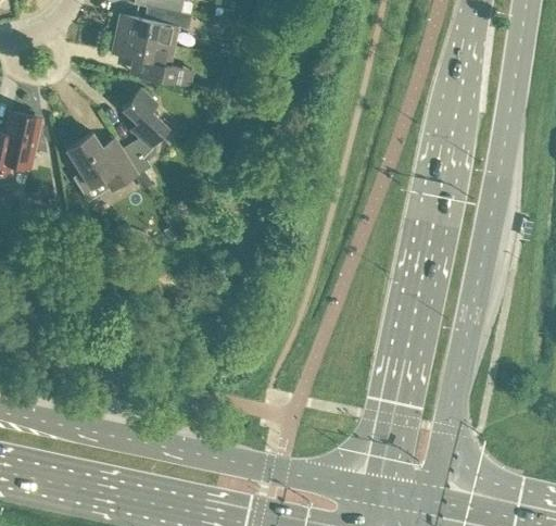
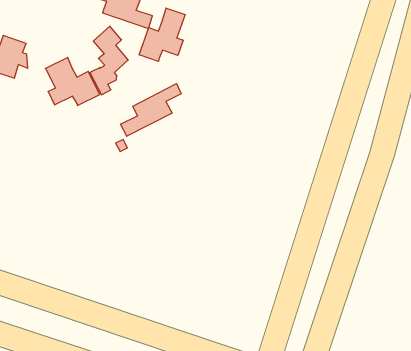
building: none -> [139,8,185,61]
building: none -> [121,84,181,136]

